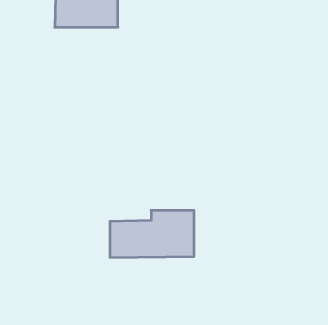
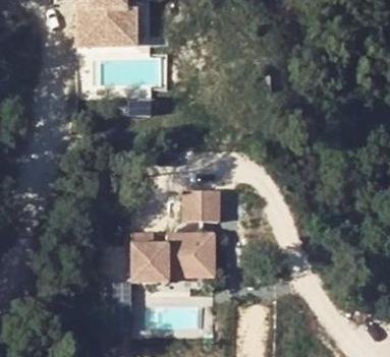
building: none -> [181,189,220,222]

